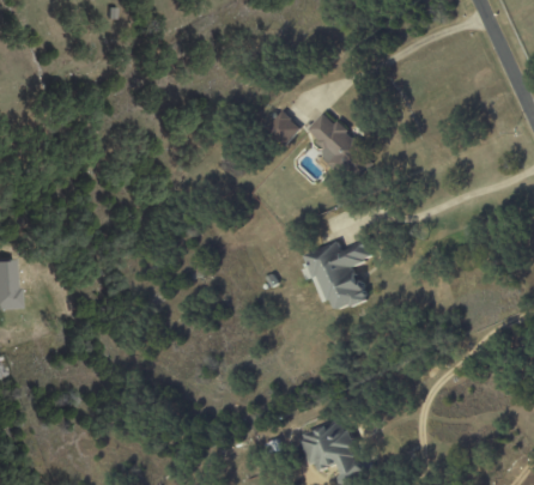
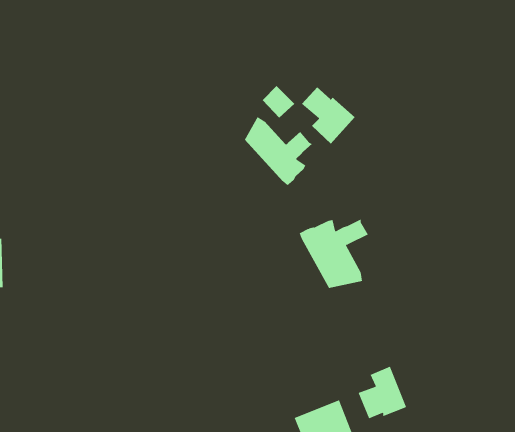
building: none -> [244,116,313,186]
building: none -> [358,366,407,419]

